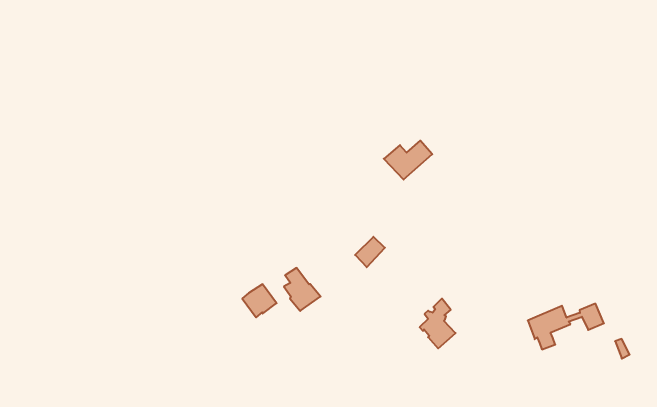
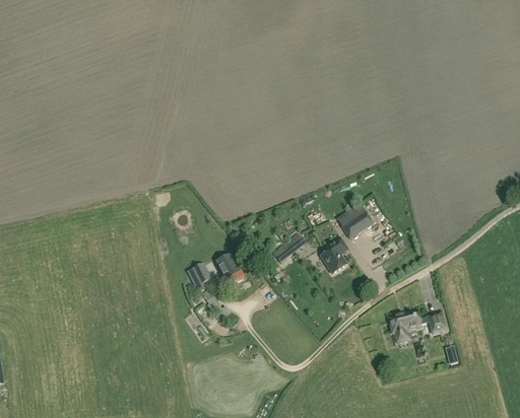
building: [384,141,432,180] -> [337,212,373,238]
building: [420,299,456,348] -> [321,238,346,274]

